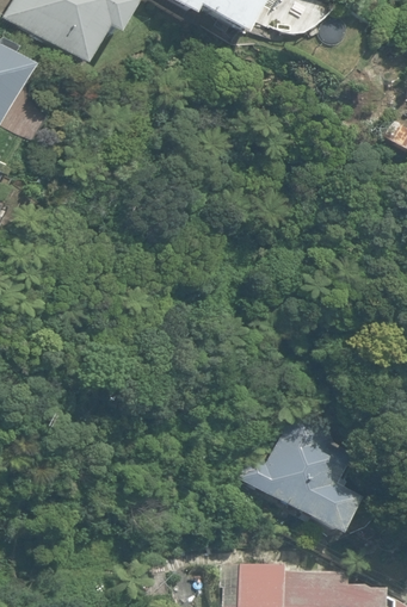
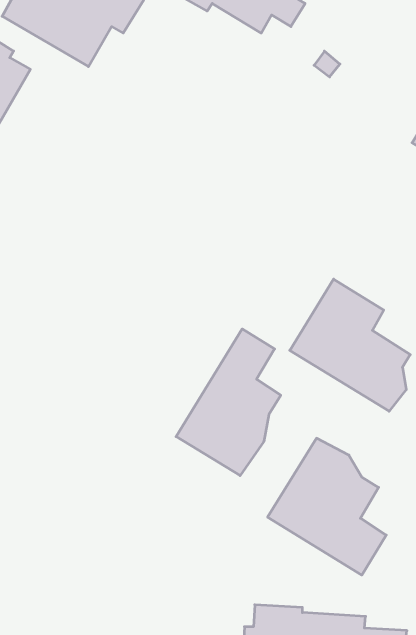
building: none -> [290,279,410,411]
building: none -> [176,329,281,476]

